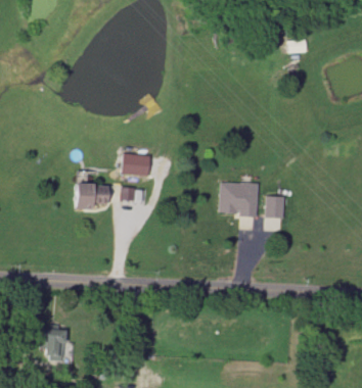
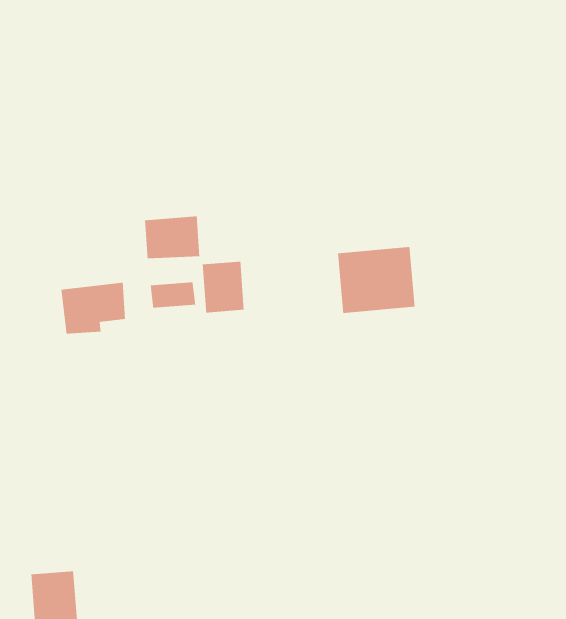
building: none -> [202,261,245,313]
building: [266,196,284,219] -> none

